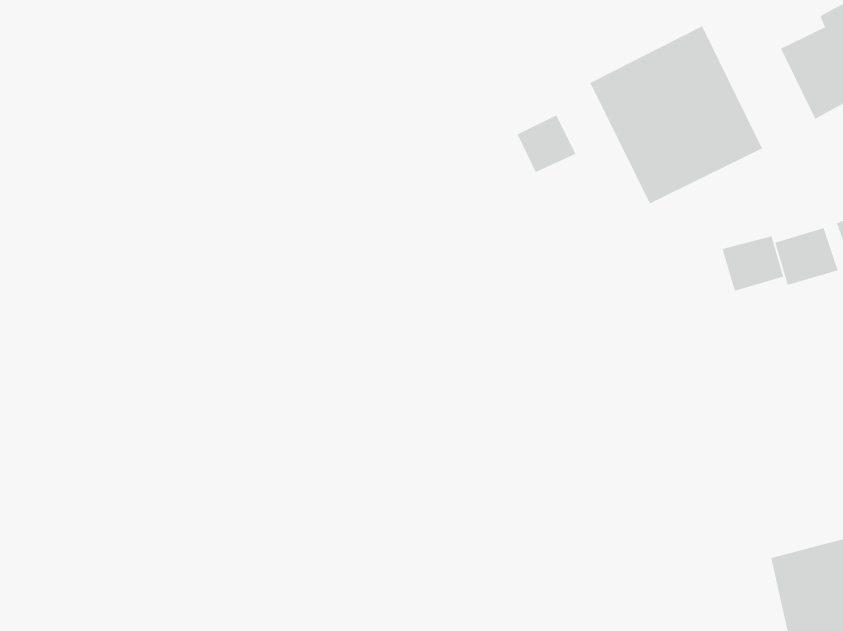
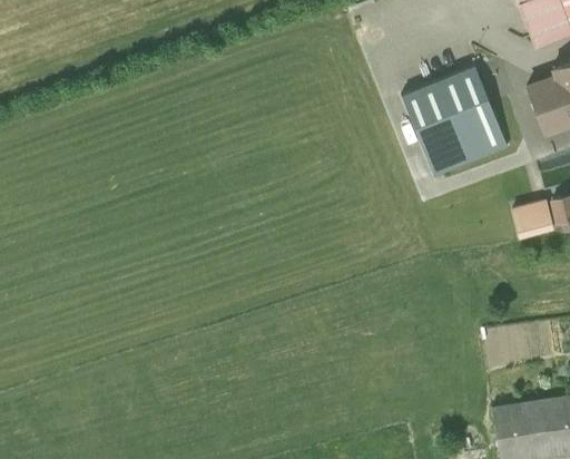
building: [517,115,576,173] -> none
building: [722,235,784,291] -> none

